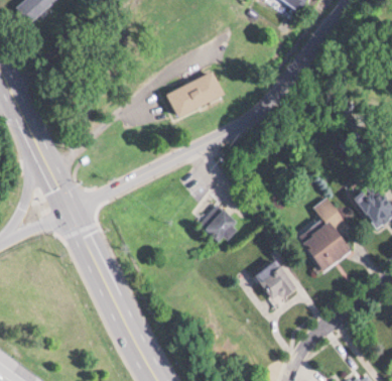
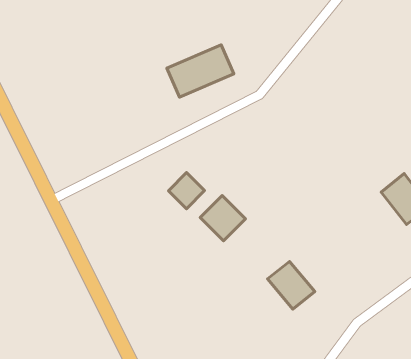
building: none -> [168,173,205,209]
building: [297,198,352,271] -> none

